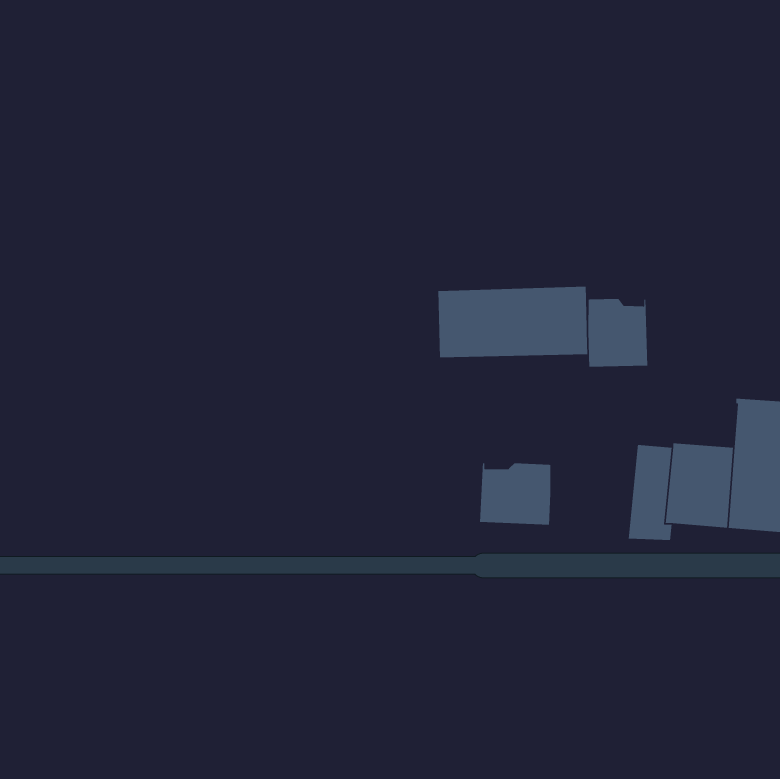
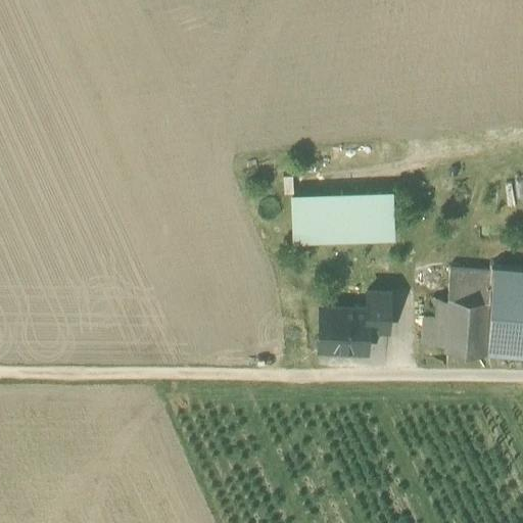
building: [588,298,648,367] -> none
building: none -> [450,270,493,301]
building: none -> [369,295,391,332]

